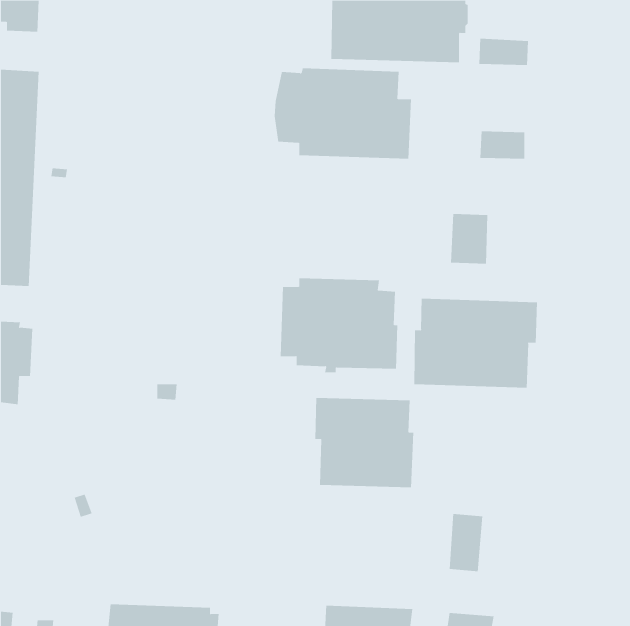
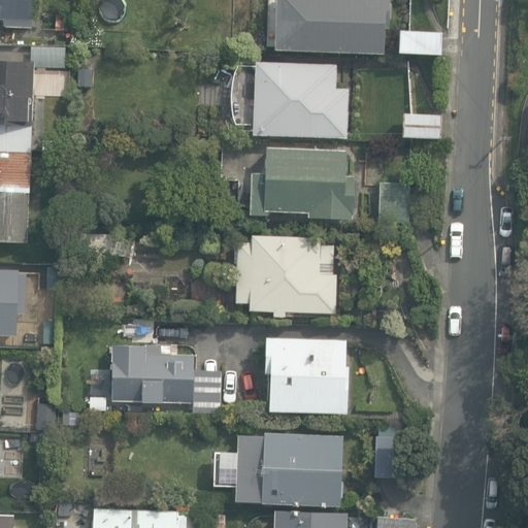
building: none -> [249,147,352,220]
building: [414,298,538,389] -> none
building: none -> [110,345,218,409]
building: none -> [210,432,342,506]

